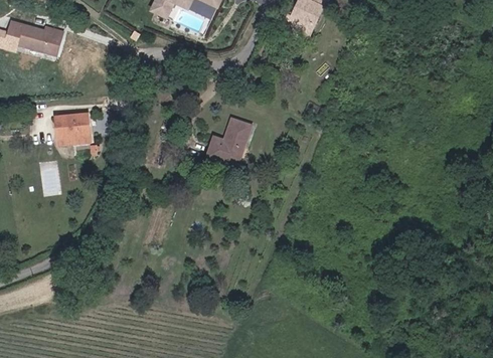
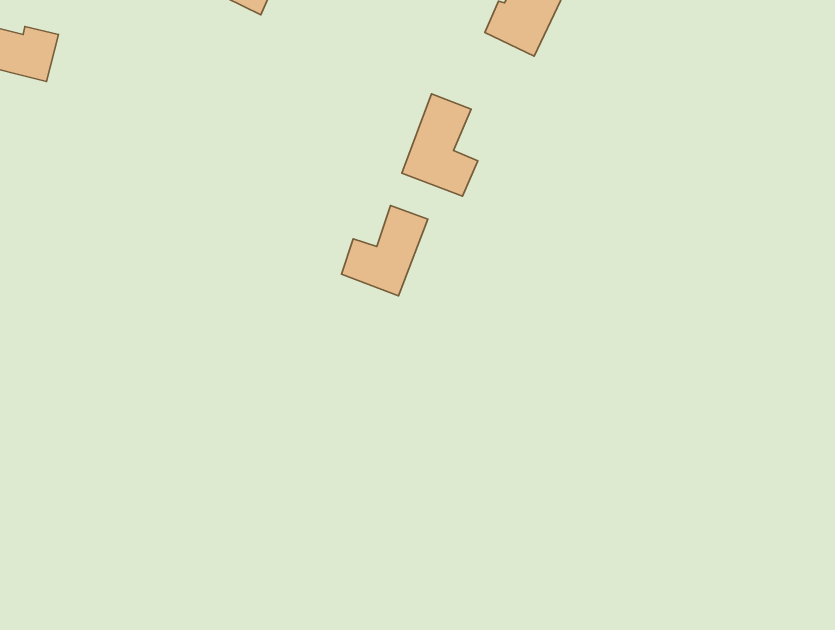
building: none -> [402,94,478,196]
building: [54,113,91,143] -> none

